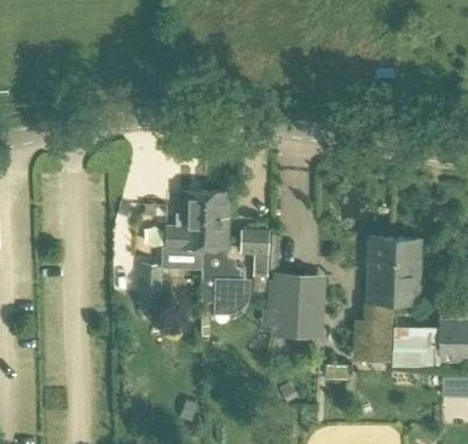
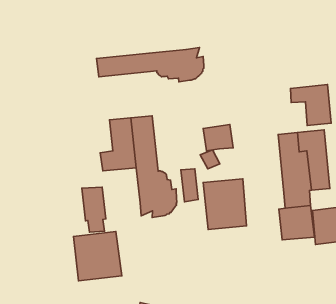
building: none -> [97,48,204,82]
building: none -> [291,85,331,126]
building: [238,235,268,261] -> [203,124,233,151]
building: none -> [74,231,122,281]

